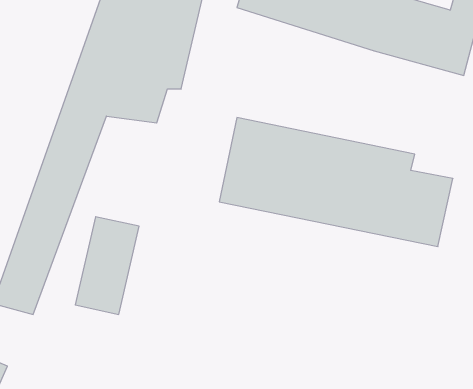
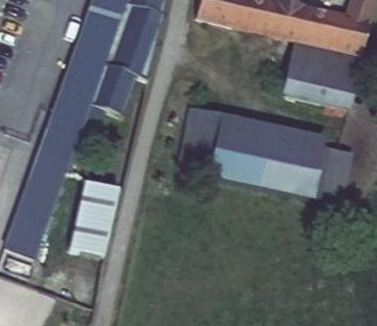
building: none -> [284,53,363,112]

